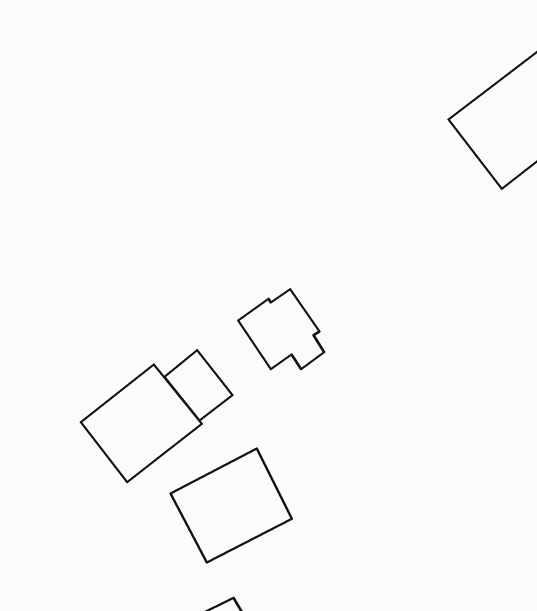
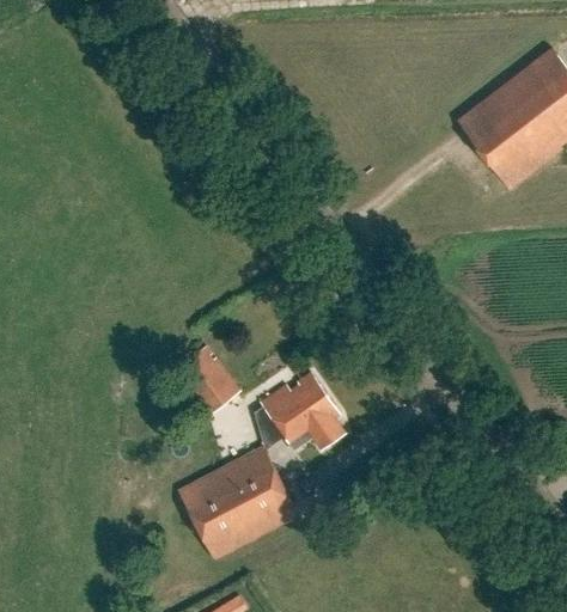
building: [238,289,324,369] -> [262,372,347,451]
building: [81,364,202,482] -> none

